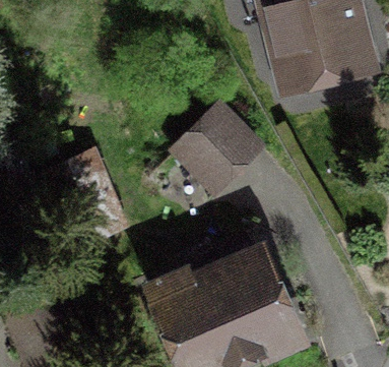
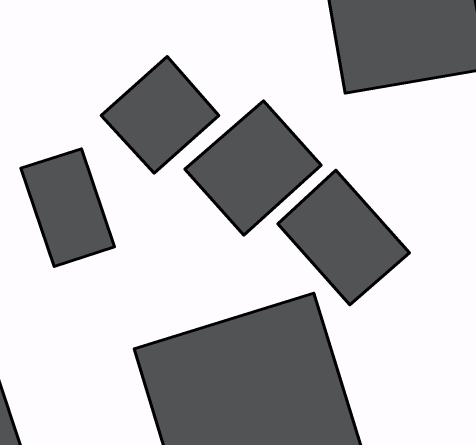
building: none -> [101,56,219,173]
building: none -> [278,170,410,305]

